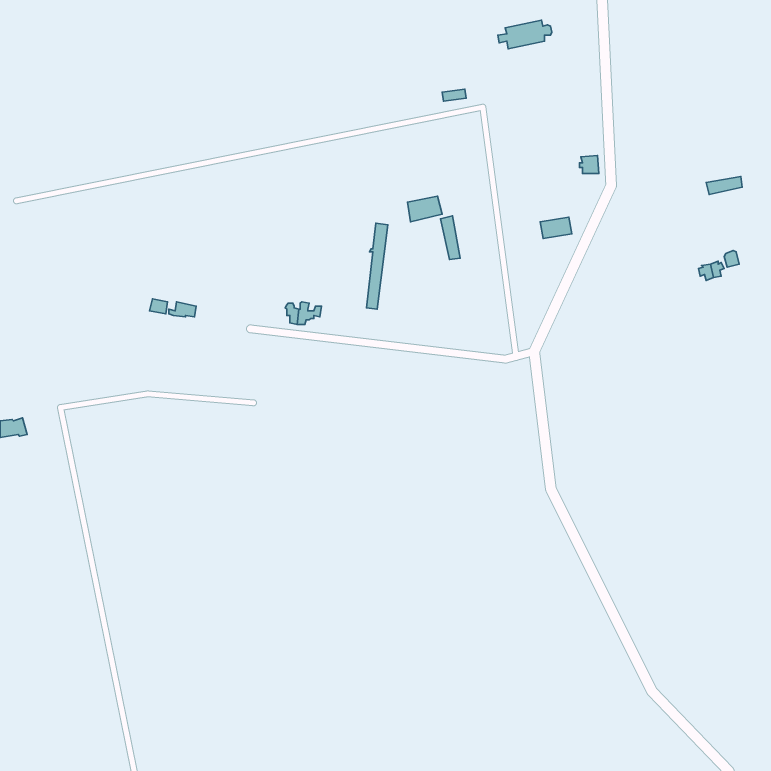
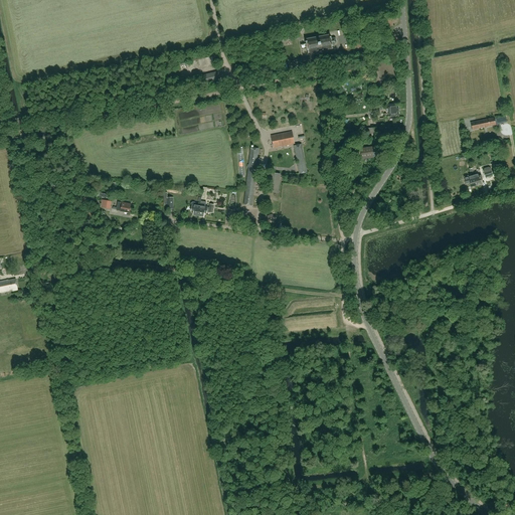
building: [498,20,552,49] -> [301,34,337,53]

